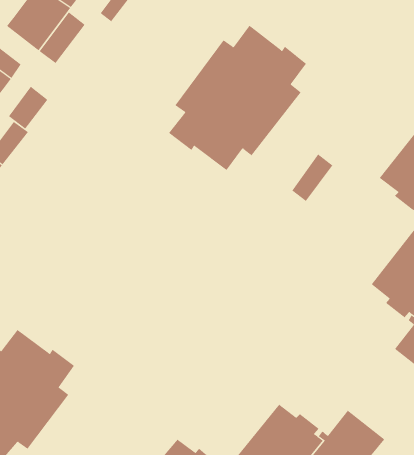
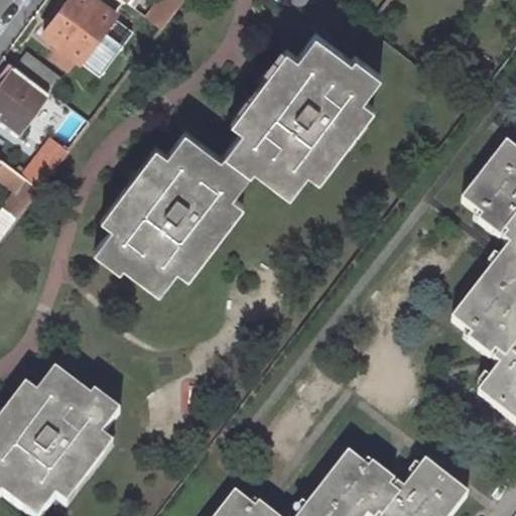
building: [8,86,48,130] -> none
building: none -> [94,130,250,292]
building: [292,154,333,202] -> none

